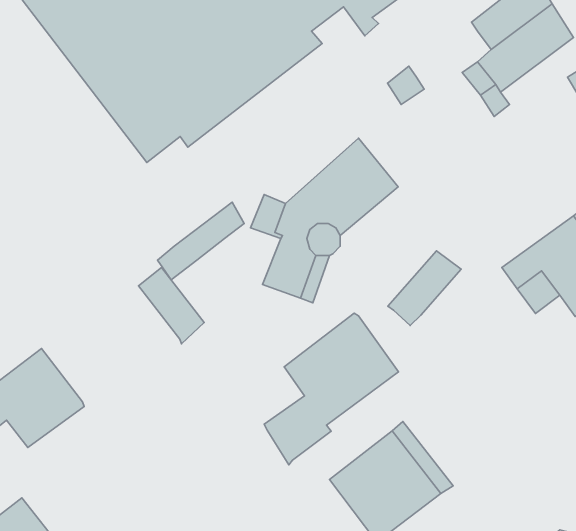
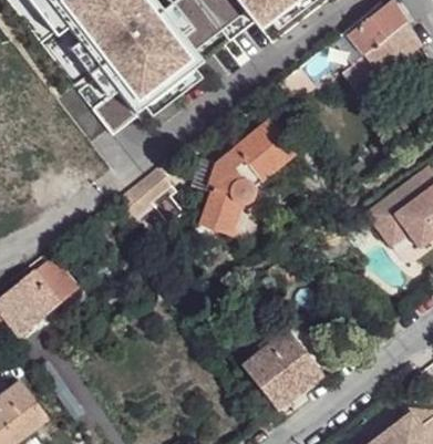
building: [388,251,461,326] -> none
building: [139,268,204,344] -> [34,257,82,312]
building: [264,313,398,465] -> none

